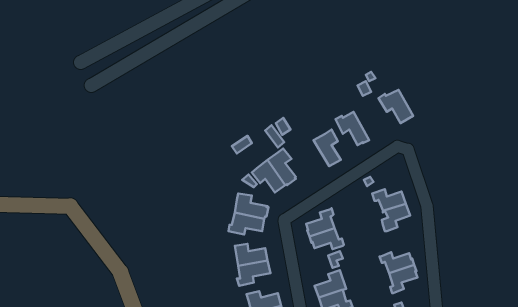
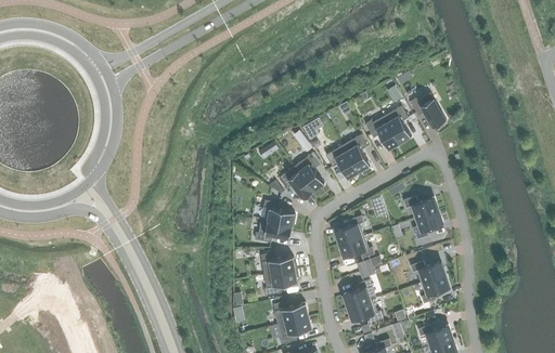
building: none -> [384,106,411,145]
building: none -> [325,145,359,179]

